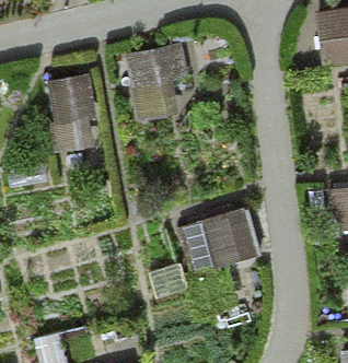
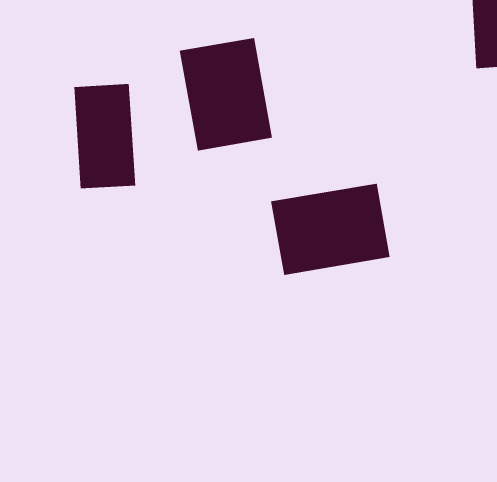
building: [181,210,260,271] -> [270,183,391,275]

